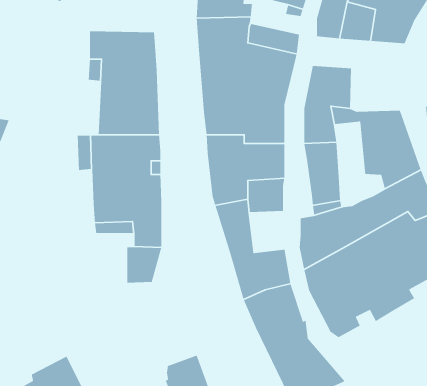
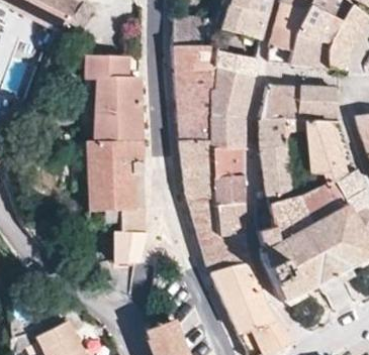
building: none -> [298,86,339,121]
building: none -> [215,203,245,236]

